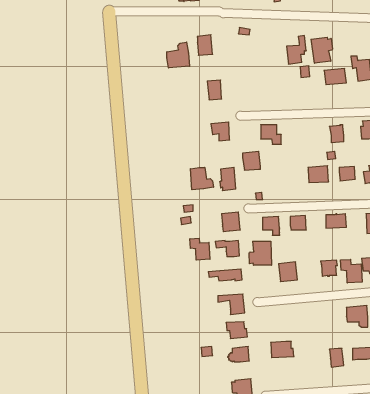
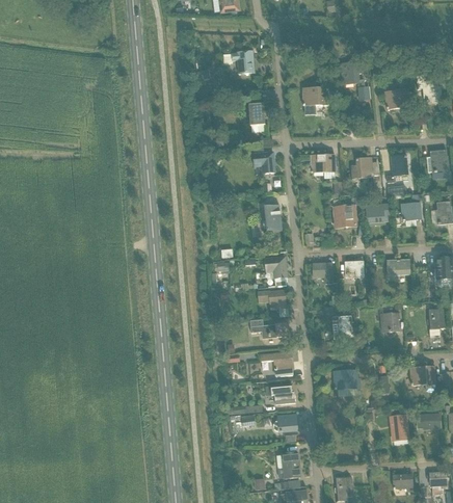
building: [311,37,333,63] -> none
building: [167,42,190,68] -> none
building: none -> [302,87,327,105]
building: none -> [350,157,379,183]
building: [243,151,260,170] -> [335,205,355,227]
building: [190,167,213,190] -> none
building: [190,238,210,260] -> none
building: [249,241,271,265] -> none
building: [341,259,362,283] -> none
building: [271,341,294,358] -> [334,370,361,389]

